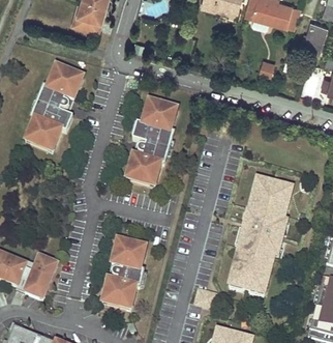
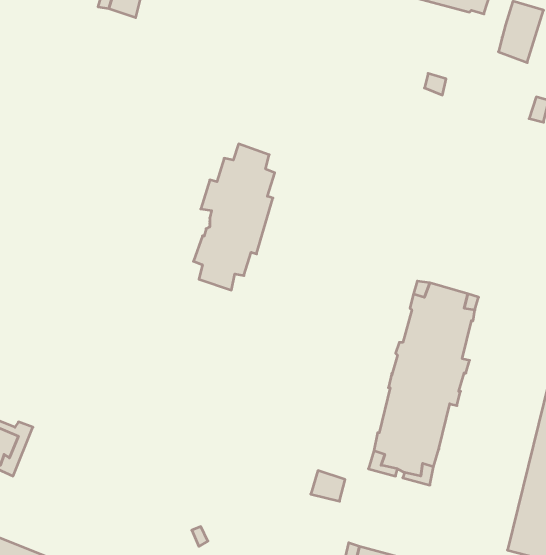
building: [29,66,80,148] -> none
building: [104,239,144,308] -> none
building: [25,256,54,296] -> none

